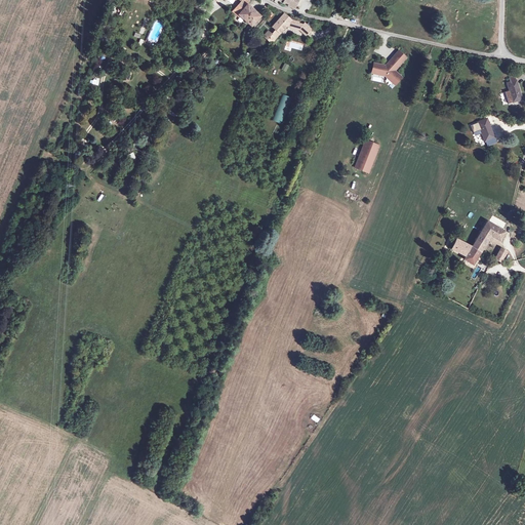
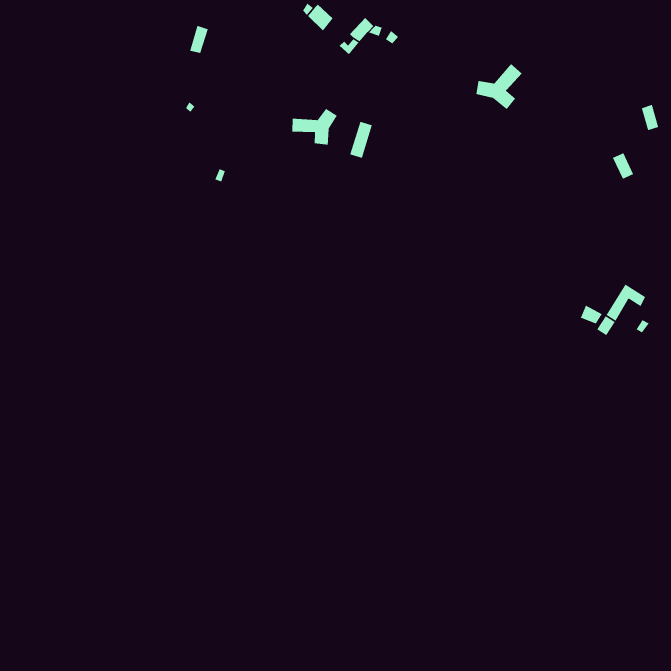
building: none -> [292,108,338,146]
building: [355,139,380,173] -> none

